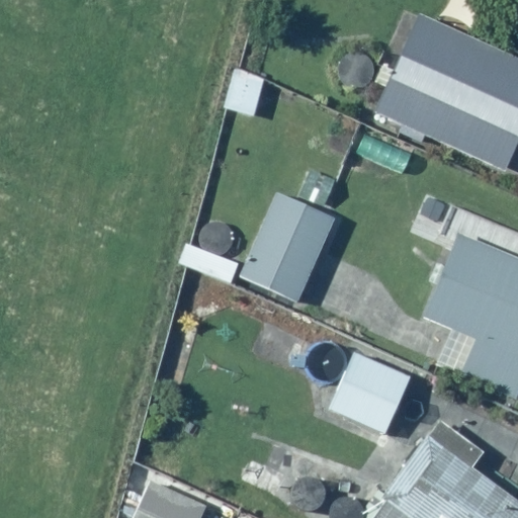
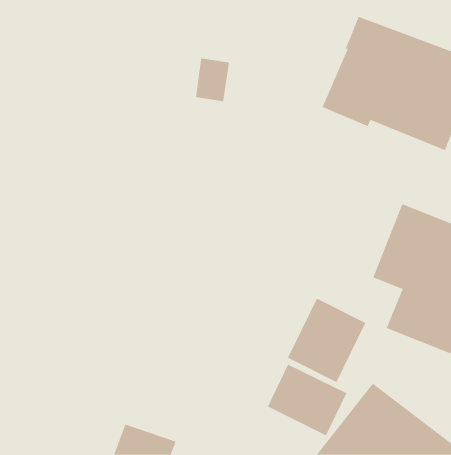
building: [244,193,336,300] -> none
building: none -> [267,364,347,436]

